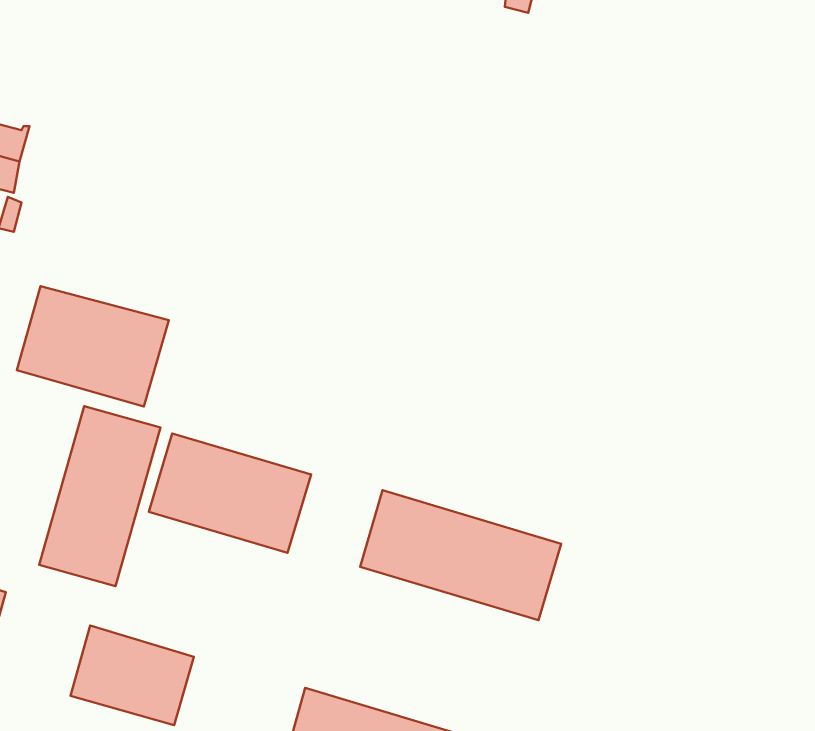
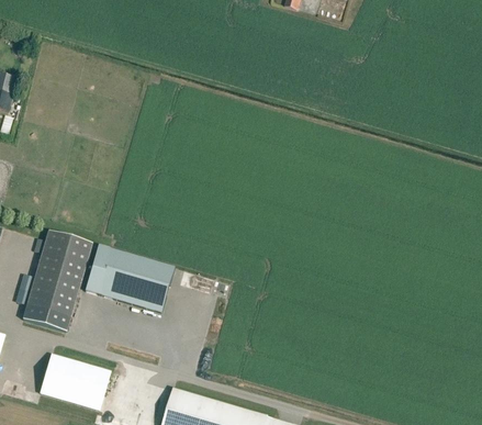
building: [17,286,169,406] -> none
building: [360,490,561,620] -> none

